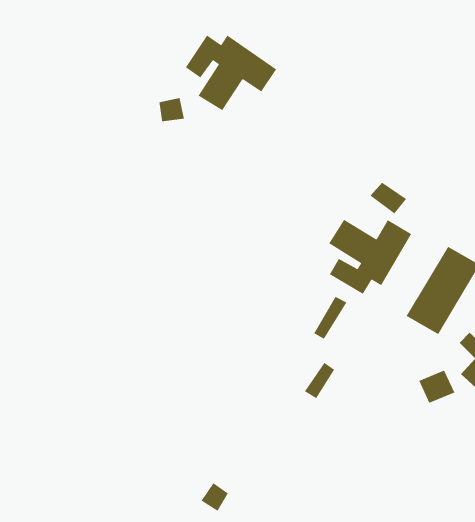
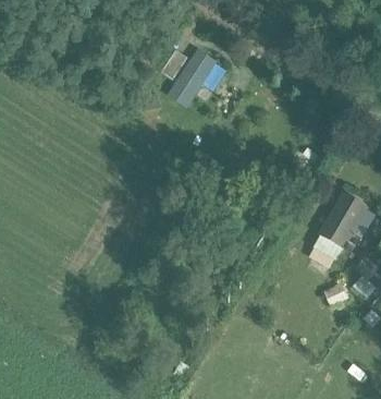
building: [328,219,412,295] -> none

